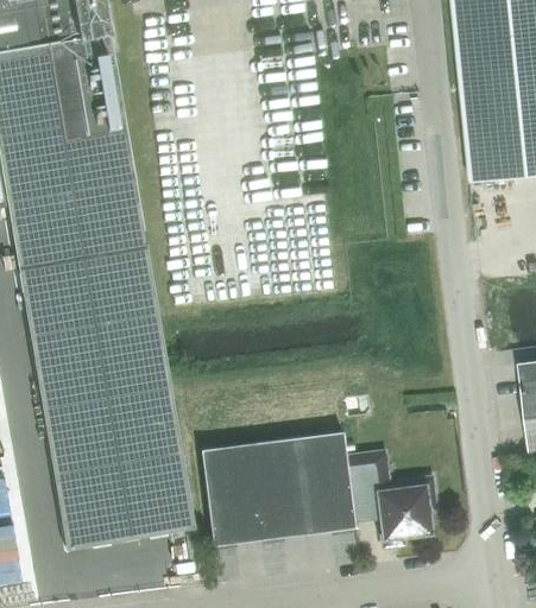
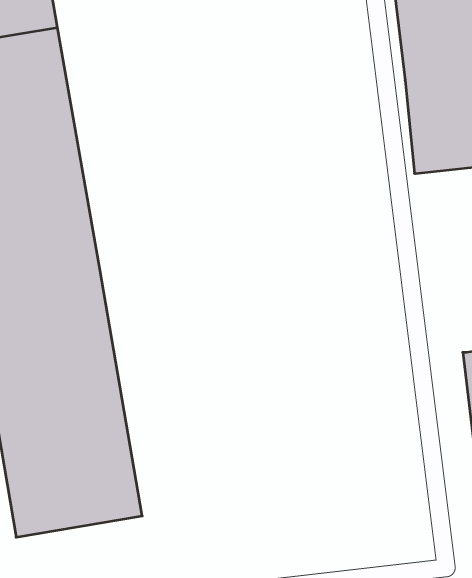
building: [200,431,433,545] -> none

